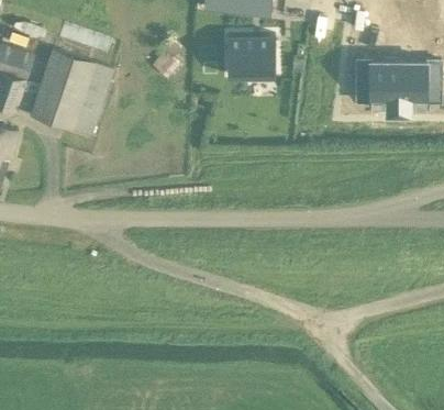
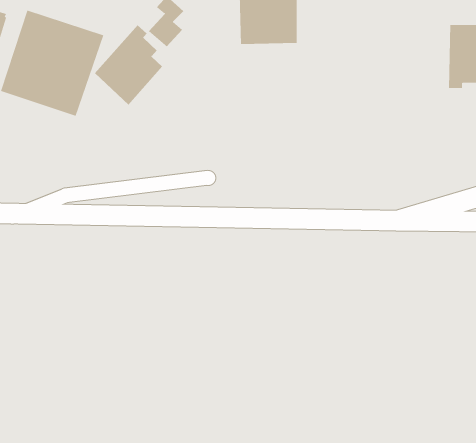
building: none -> [94,24,163,105]
building: [355,62,398,114] -> none

